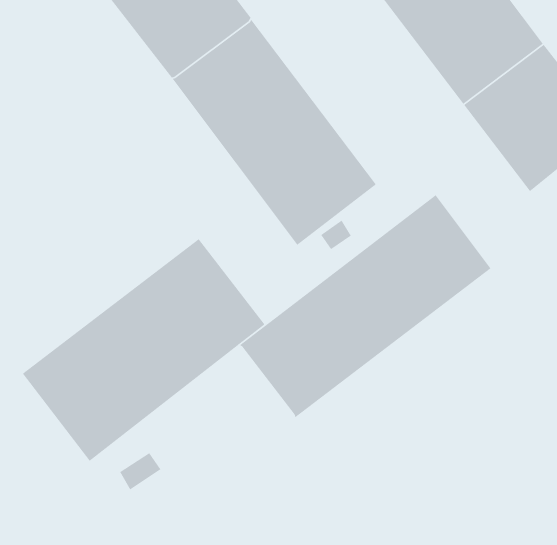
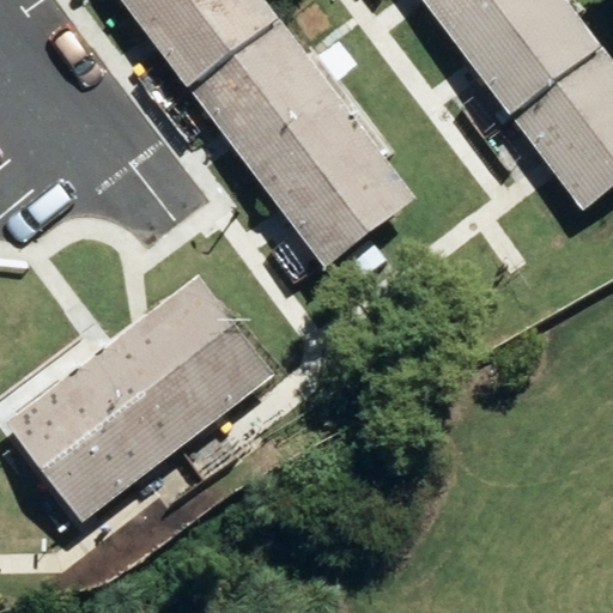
building: [239,194,491,418] -> none

